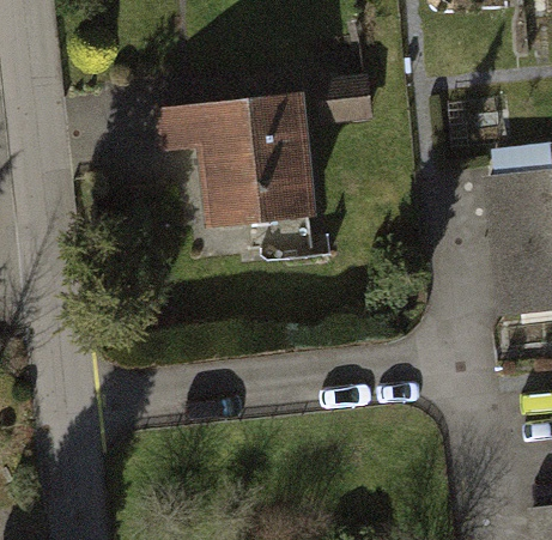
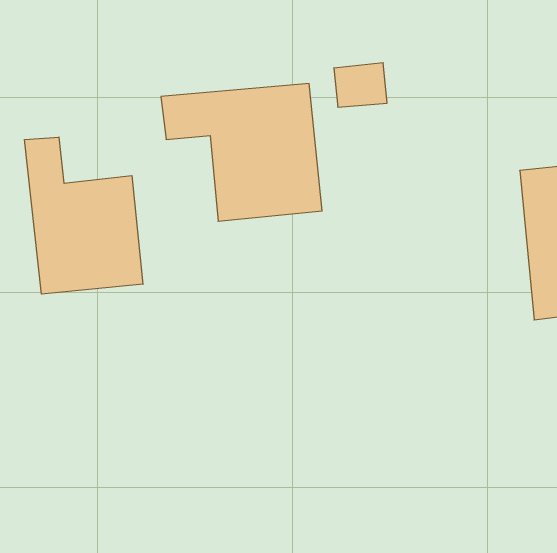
building: none -> [25,137,143,294]

